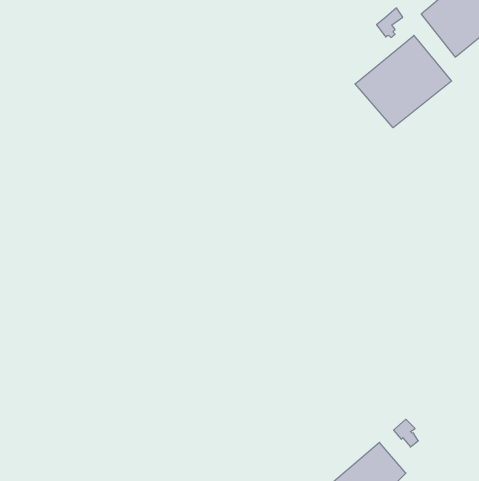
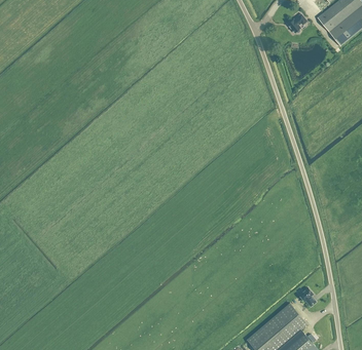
building: [355,35,452,128] -> none

